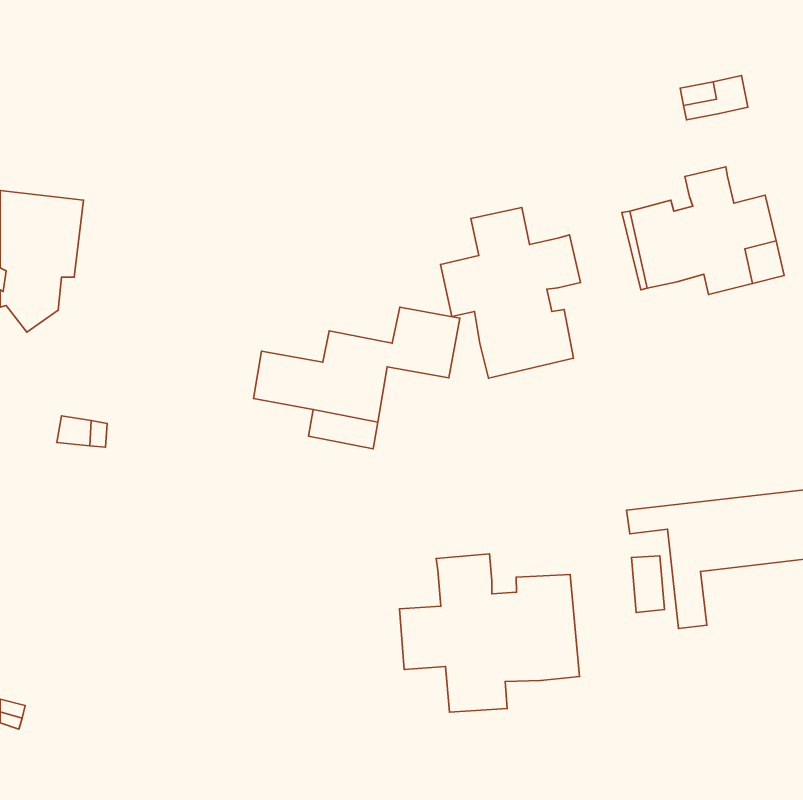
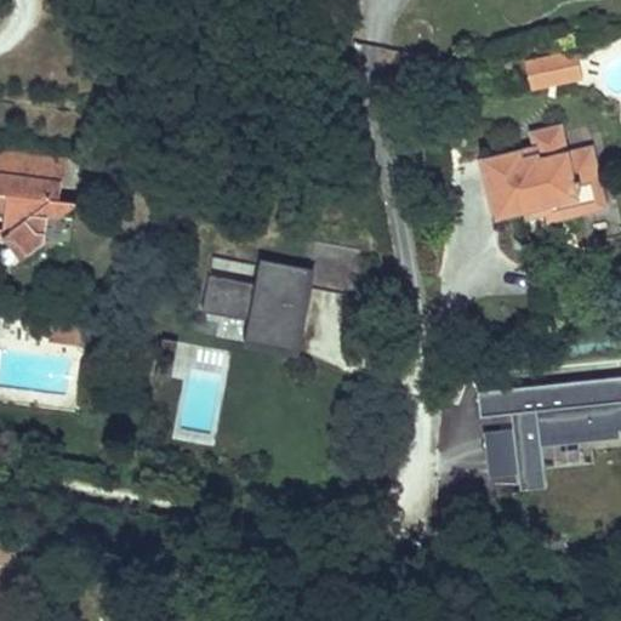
building: [441,207,581,378] -> none
building: [399,554,579,712] -> none

